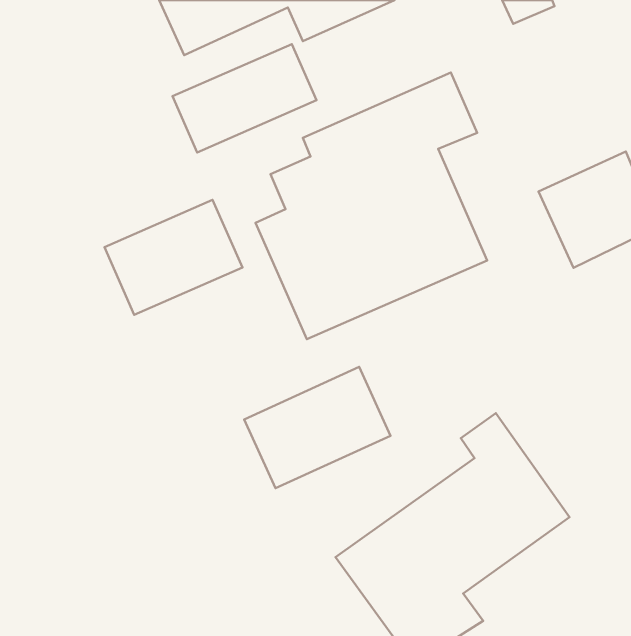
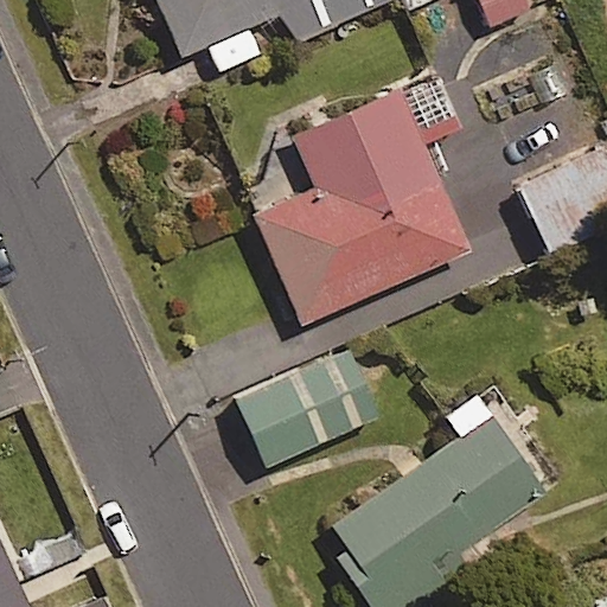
building: [173,44,316,152] -> none
building: [105,200,242,315] -> none

